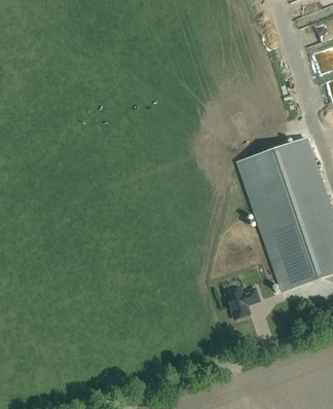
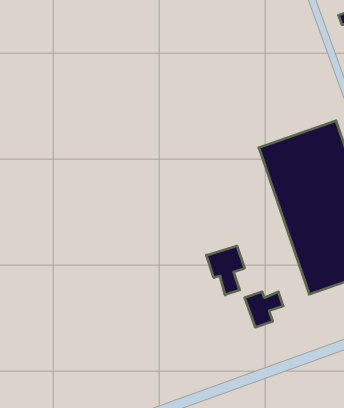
building: none -> [206,246,244,295]

